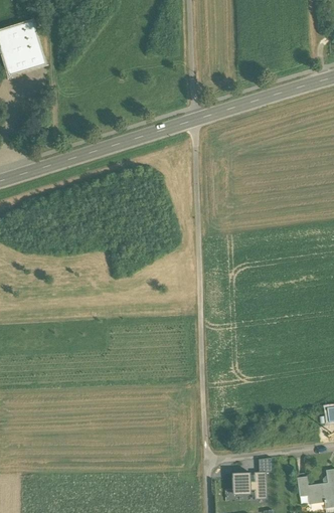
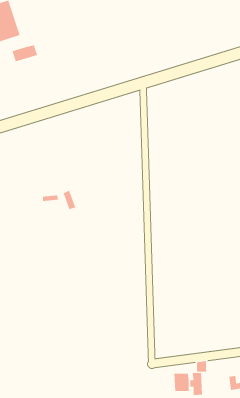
building: none -> [12,44,38,62]

